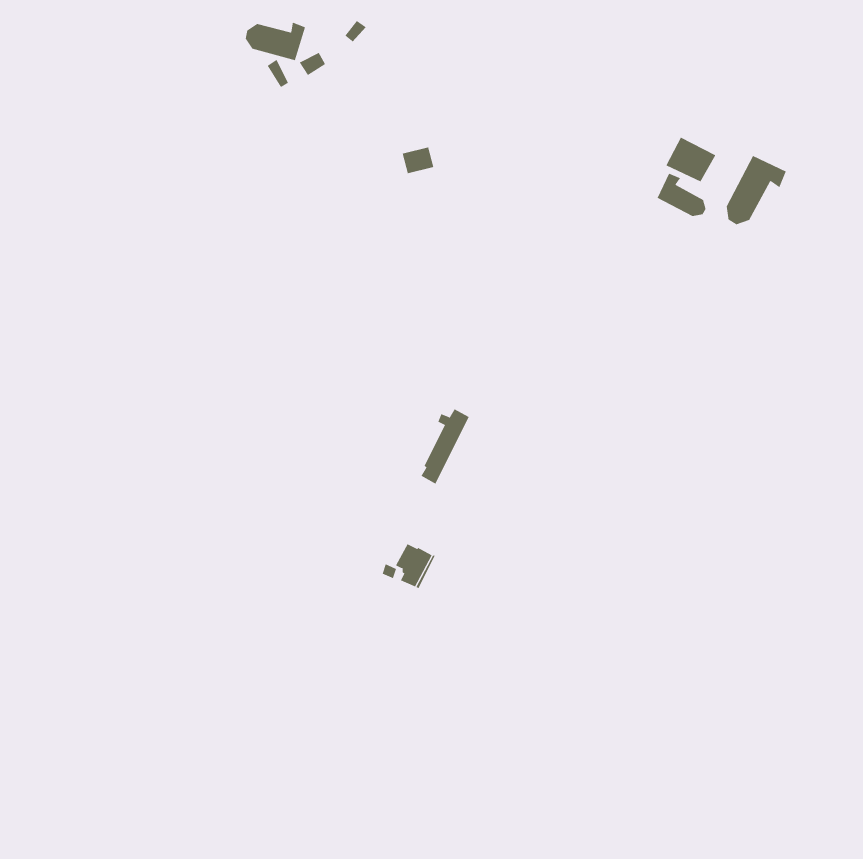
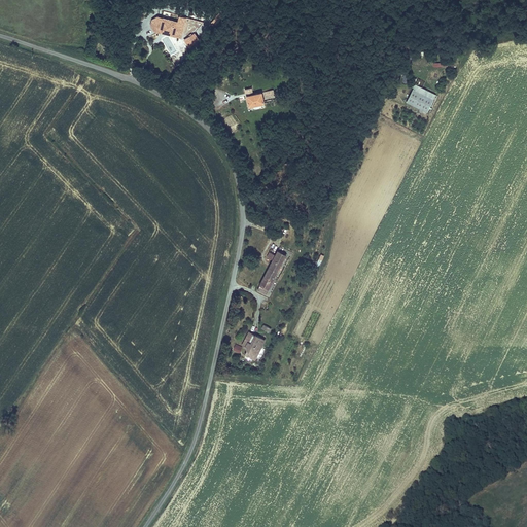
building: [726,155,787,225] -> none
building: [657,173,706,217] -> none

